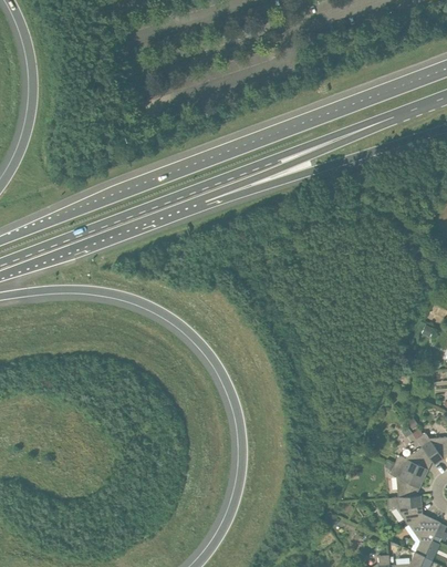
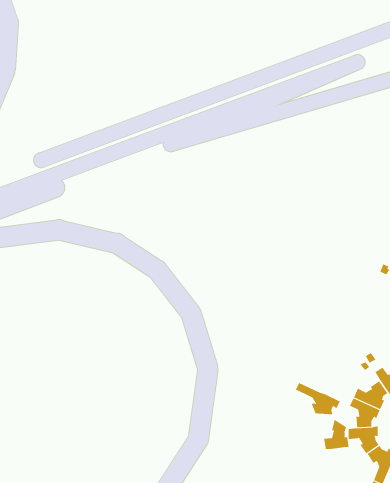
building: none -> [295,382,340,415]
building: none -> [324,419,349,450]

